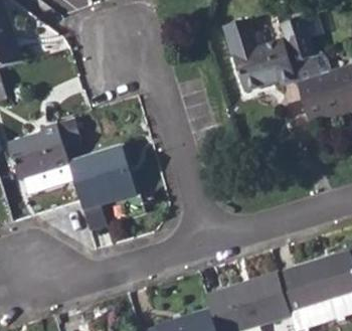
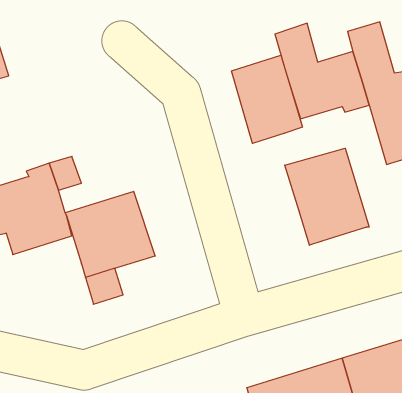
building: none -> [231,55,303,143]
building: none -> [285,148,369,245]

